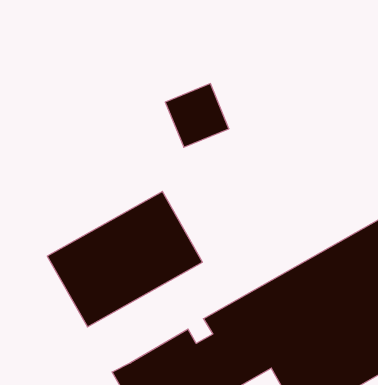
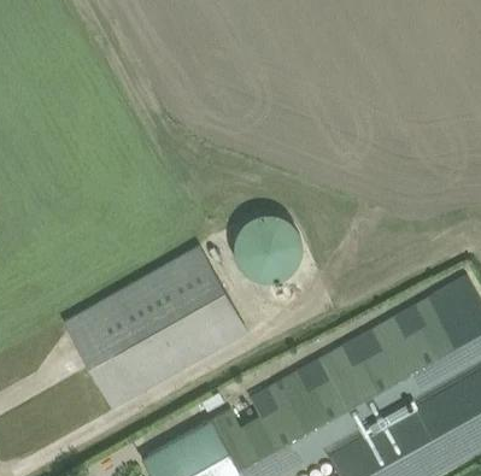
building: [165,84,229,147] -> [239,210,313,284]

